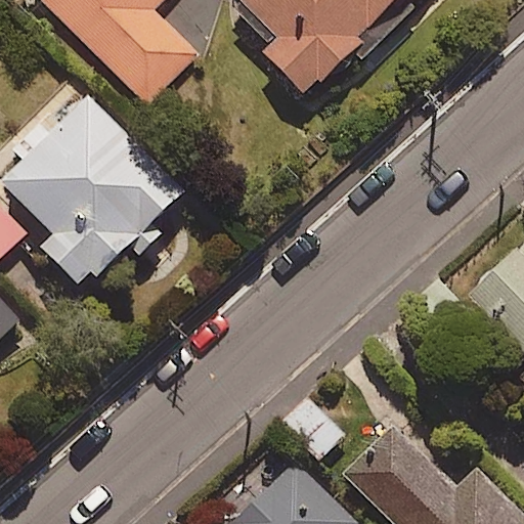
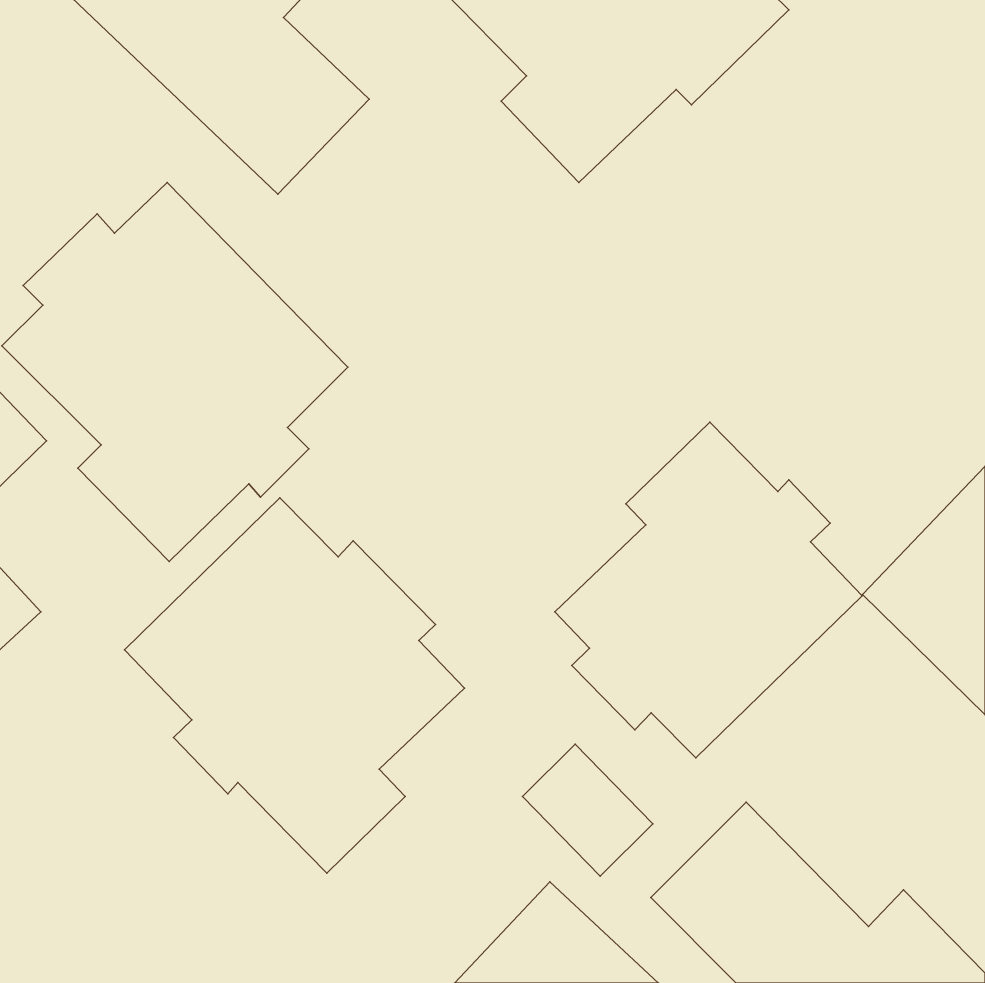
building: none -> [555,422,862,758]
building: none -> [124,498,465,873]

